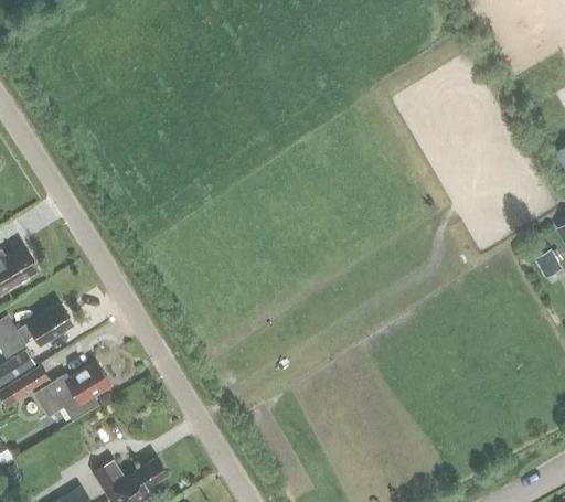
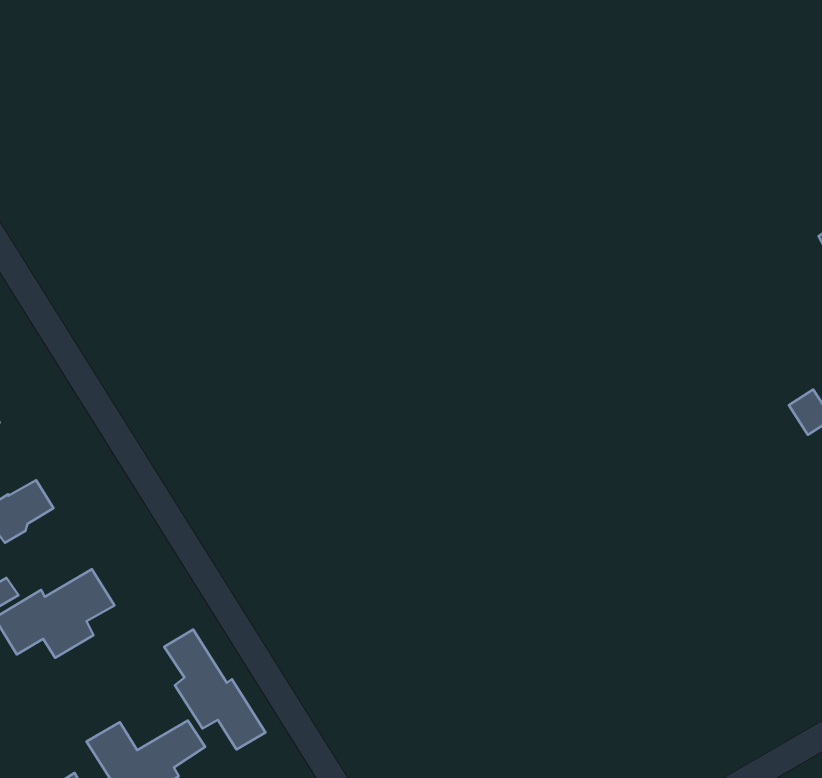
building: none -> [164,630,265,750]

